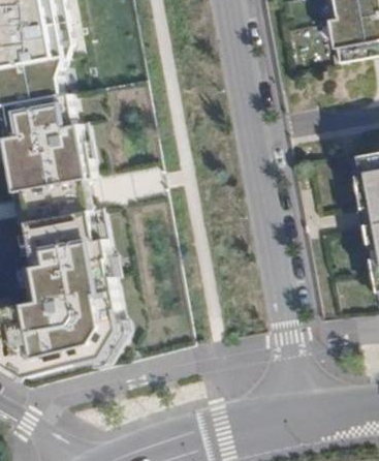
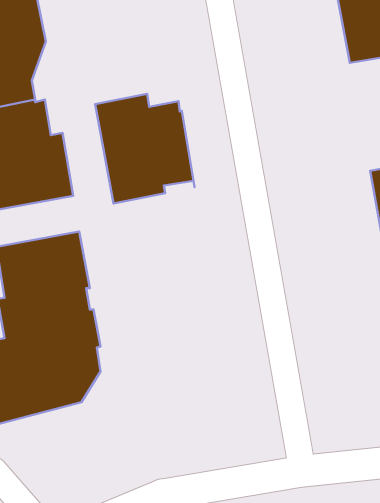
building: none -> [95,94,194,203]

